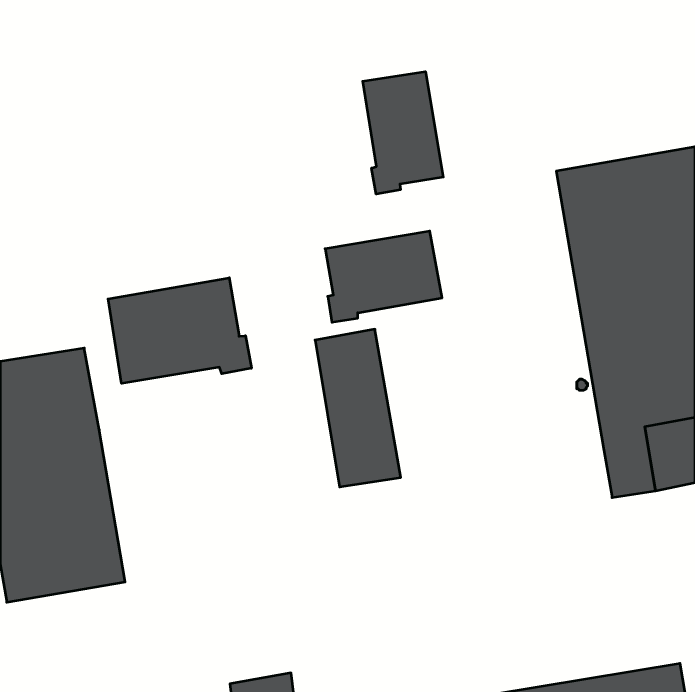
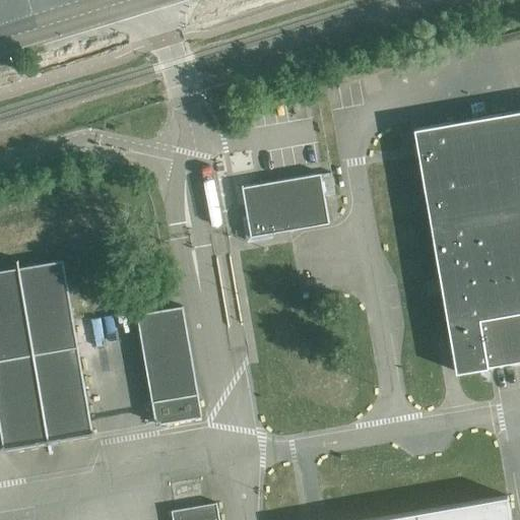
building: [363,72,443,194] -> none
building: [108,278,251,383] -> none
building: [315,329,401,487] -> [138,308,202,426]

